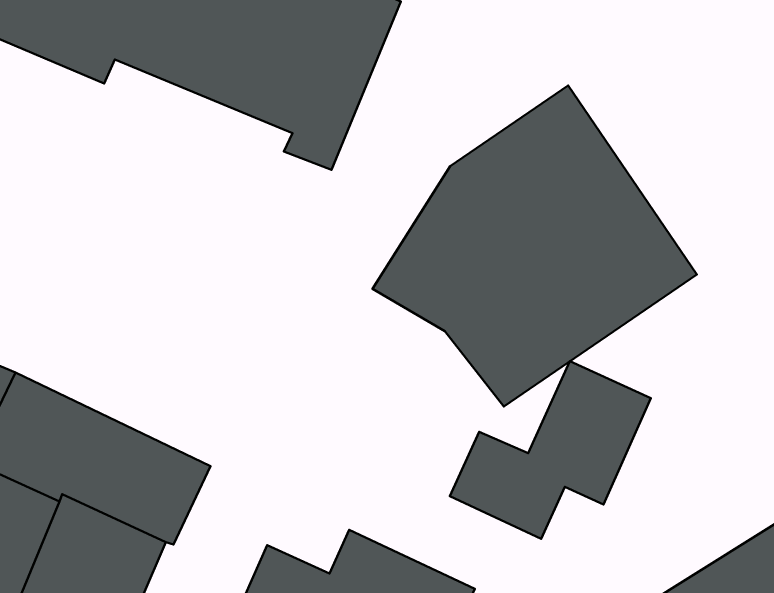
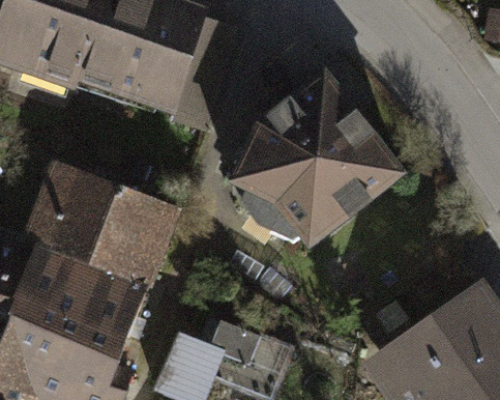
building: none -> [35,167,174,283]
building: [450,361,651,539] -> none

